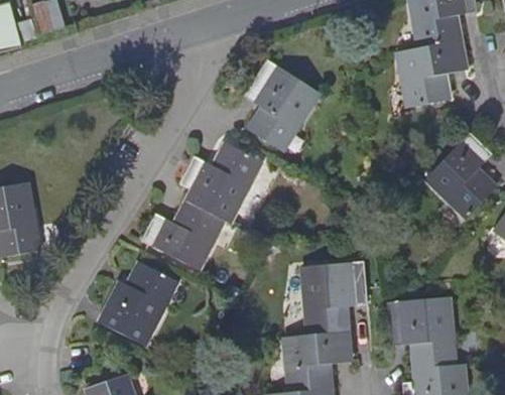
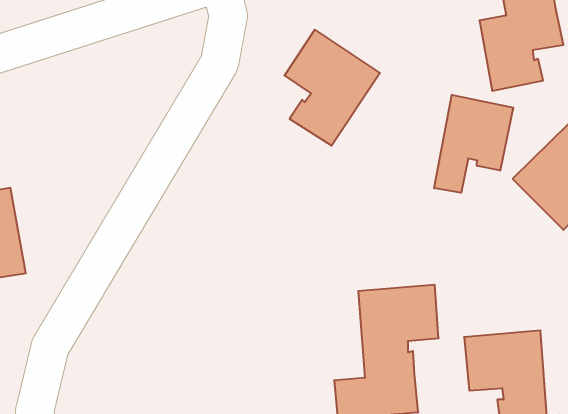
building: none -> [434,95,513,193]
building: [143,143,262,269] -> none
building: [101,261,178,345] -> none

